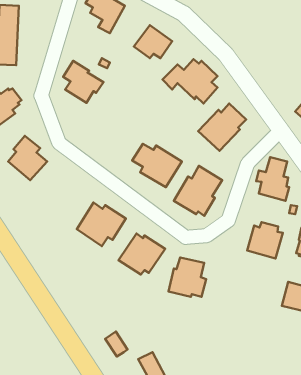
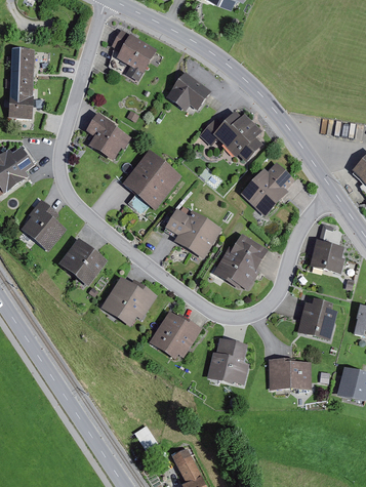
building: none -> [122,150,180,209]
building: none -> [58,239,107,286]
building: none -> [268,359,311,390]

